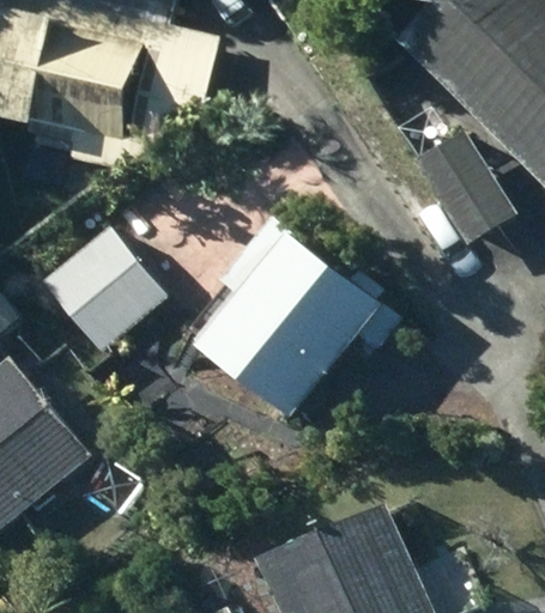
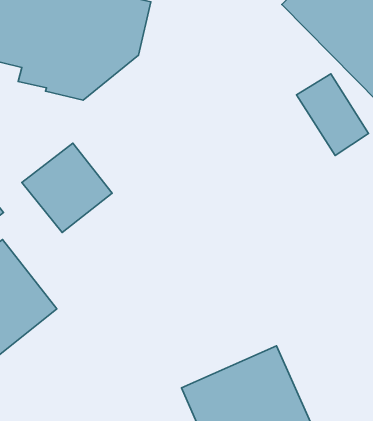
building: [206,216,400,415] -> none

